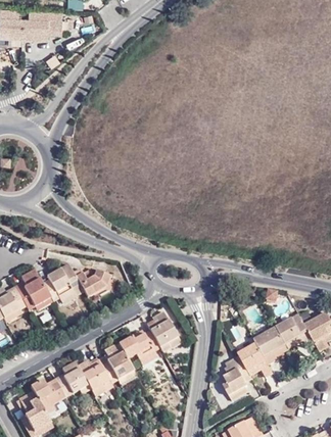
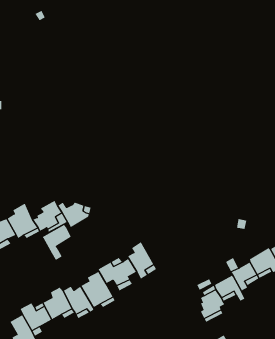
building: none -> [42,224,71,261]

